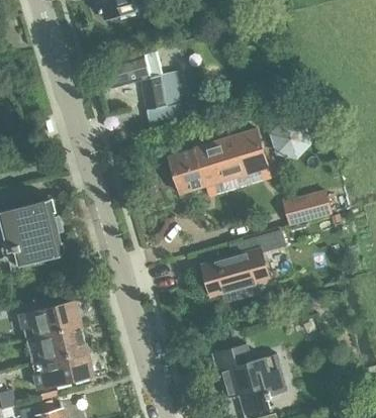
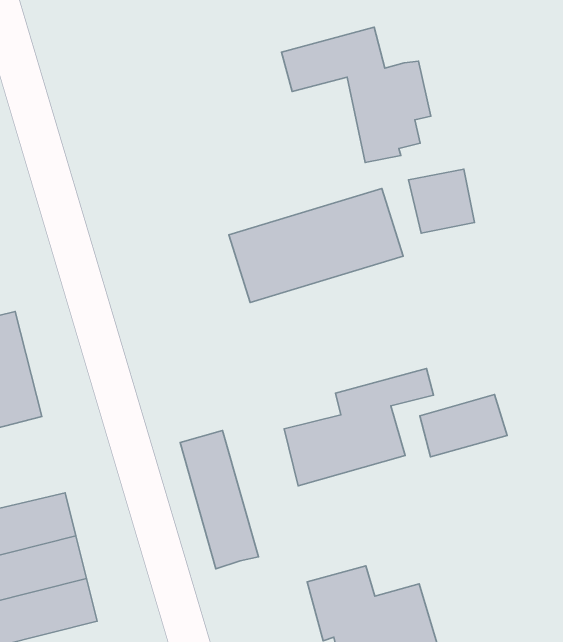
building: [103,51,188,128] -> [281,27,431,163]
building: [282,190,332,225] -> [420,395,507,457]
building: none -> [180,430,258,569]

